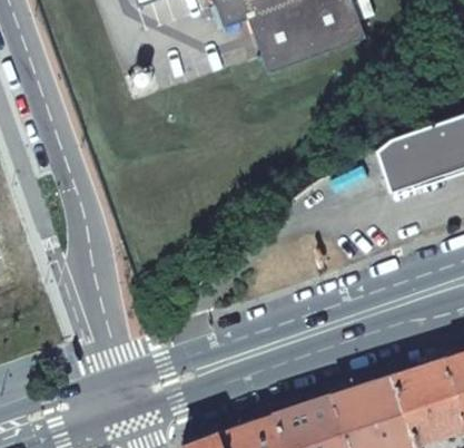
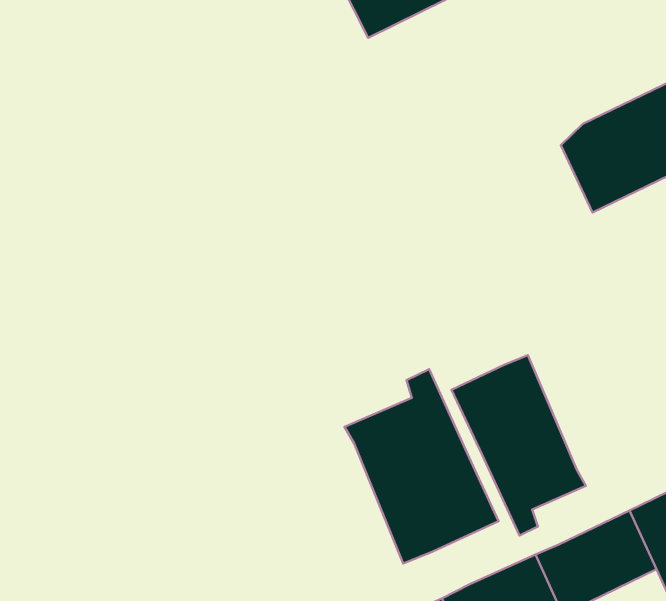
building: none -> [451,355,586,535]
building: none -> [345,369,499,564]

